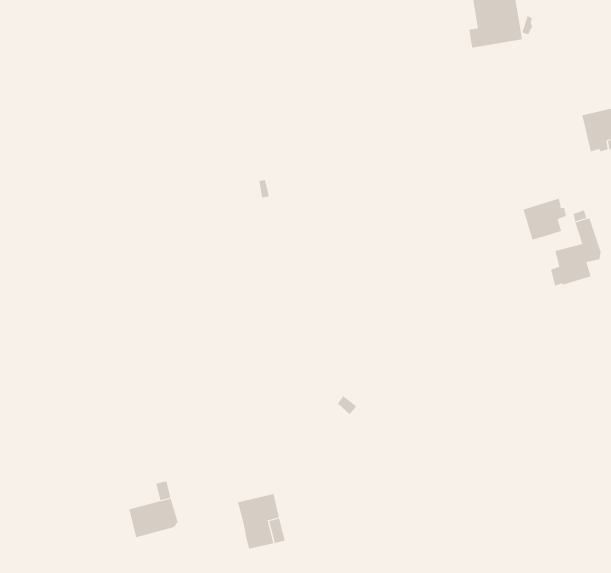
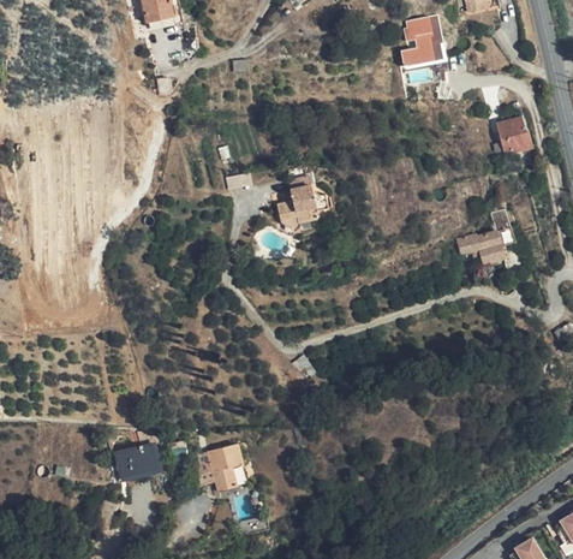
building: none -> [275,186,329,222]
building: [523,198,566,240] -> none

